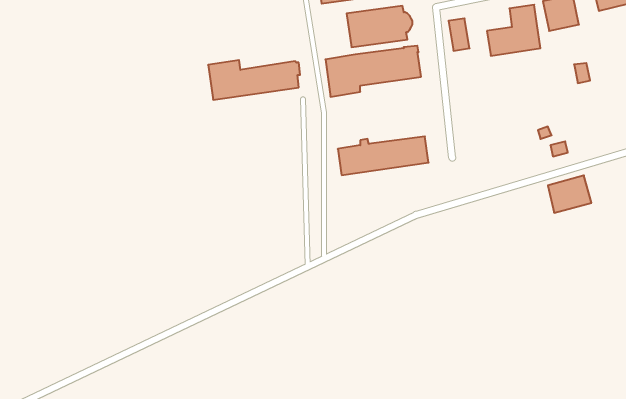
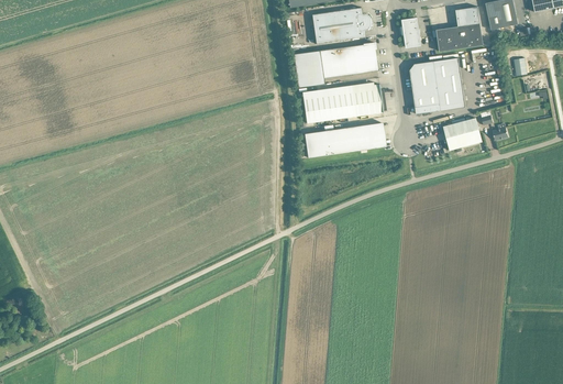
building: [208,60,300,100] -> [301,88,383,123]
building: none -> [409,57,465,114]
building: [548,175,591,213] -> [443,118,482,151]

